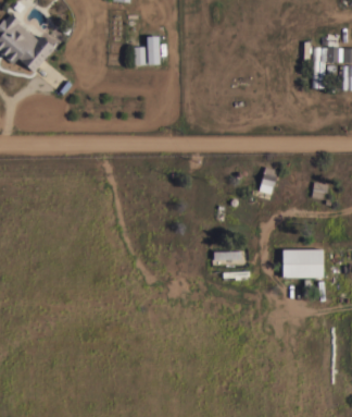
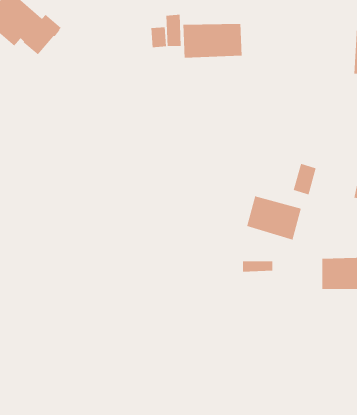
building: none -> [183,23,242,58]
building: none -> [246,196,302,240]

